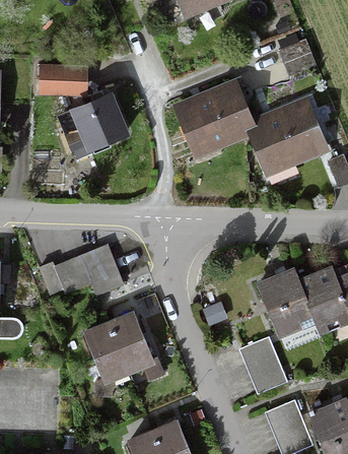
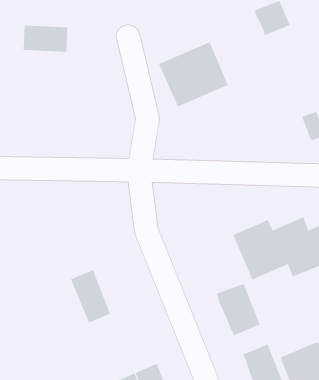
building: [69,88,128,150] -> none
building: [250,100,325,170] -> none
building: [36,250,120,301] -> none
building: [110,313,152,369] -> none

